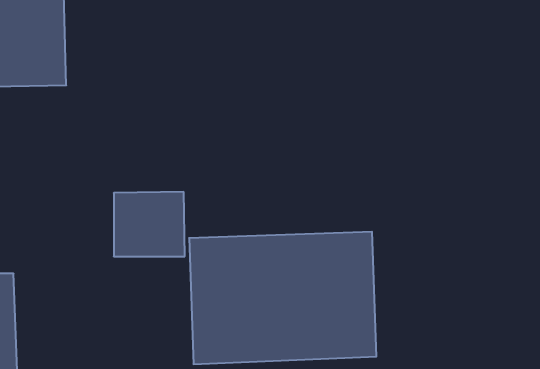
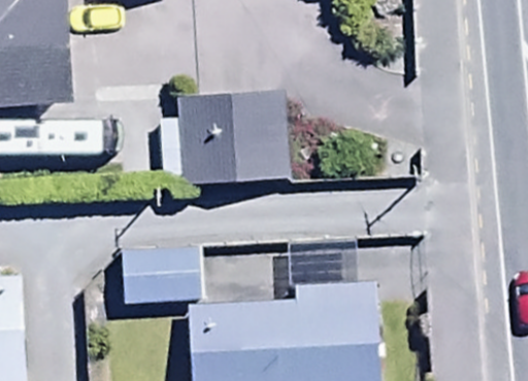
building: none -> [157,92,285,188]

